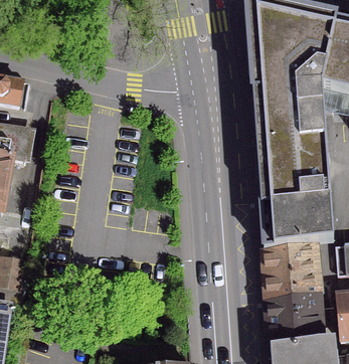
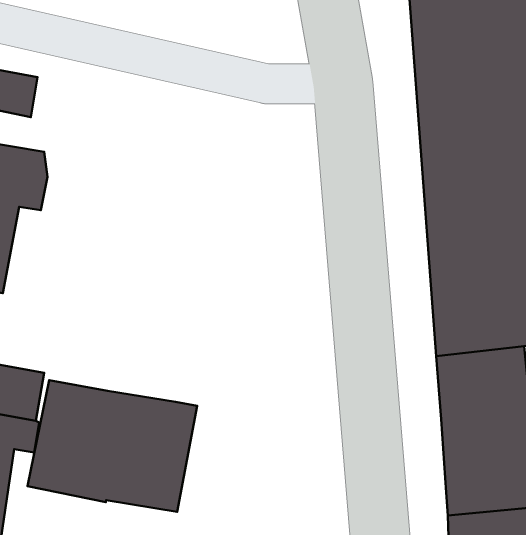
building: none -> [27,380,197,512]

